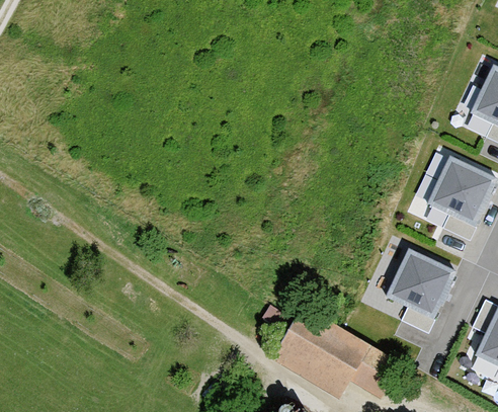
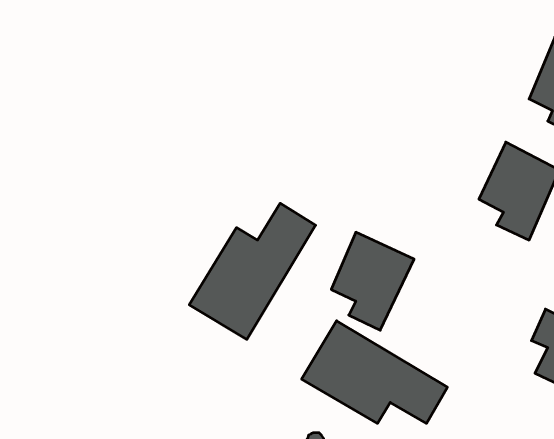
building: none -> [189,203,316,339]
building: [386,247,458,332] -> [331,232,414,330]

